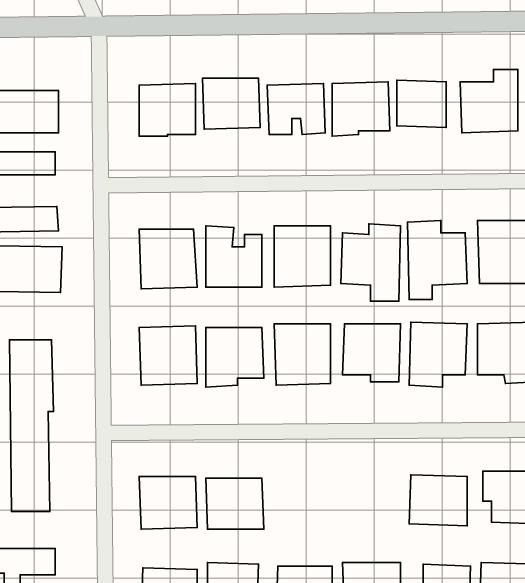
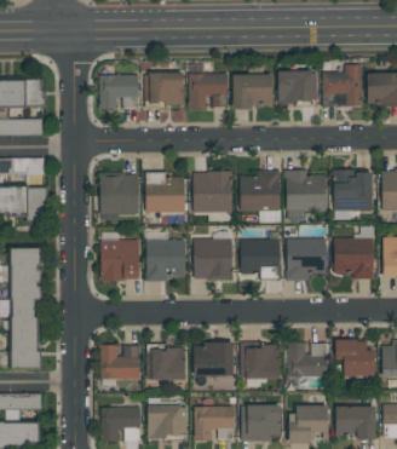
building: none -> [194,341,234,376]
building: none -> [241,342,280,379]

